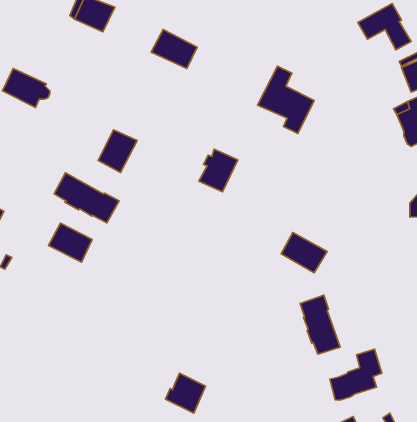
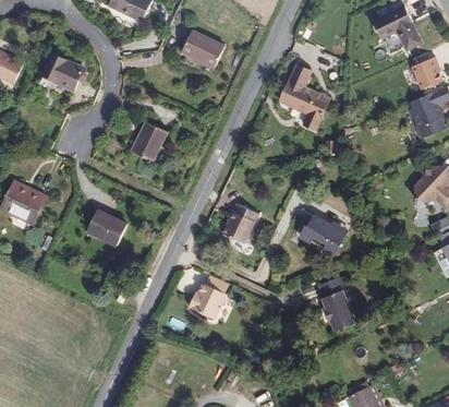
building: [199,149,238,192] -> [222,203,258,242]
building: [54,173,119,223] -> none
building: [330,349,382,400] -> none
building: [165,373,206,413] -> [192,285,229,322]

